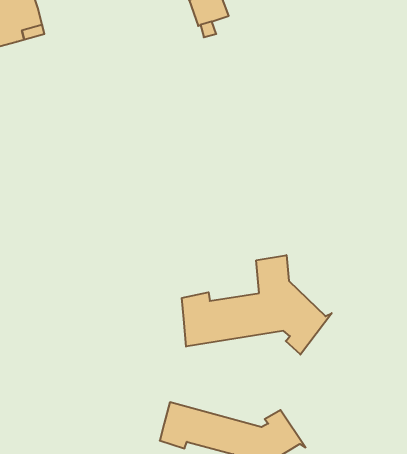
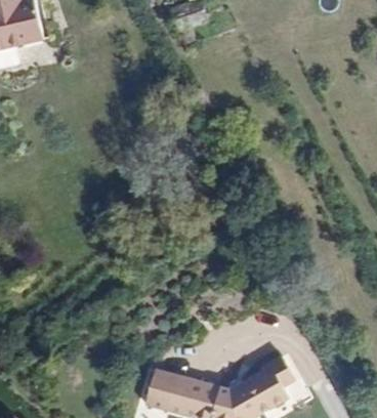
building: [182,255,332,355] -> none
building: none -> [255,357,293,411]

